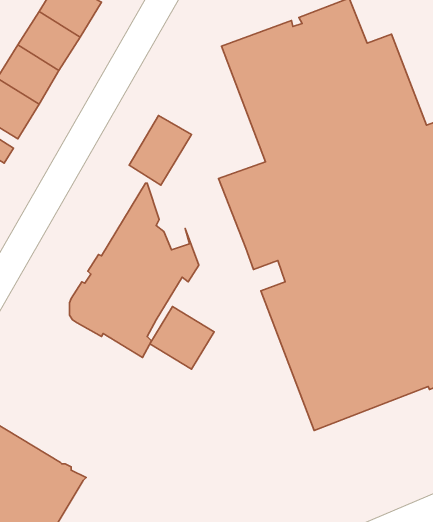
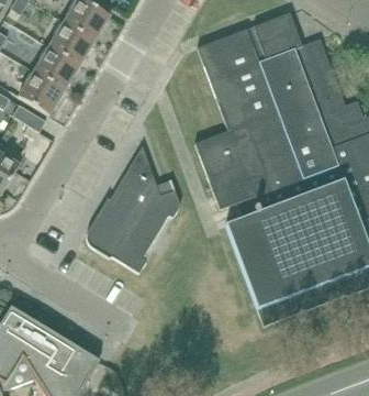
building: [129,116,191,185] -> none
building: [150,307,214,369] -> none

